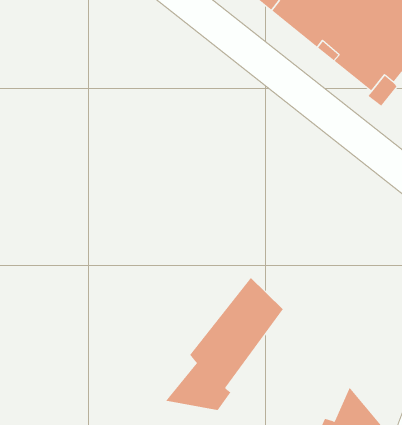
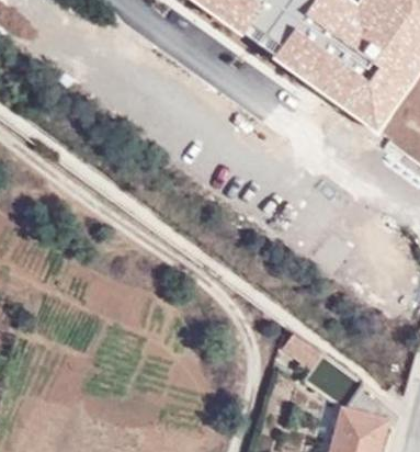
building: [165,277,284,411] -> none

